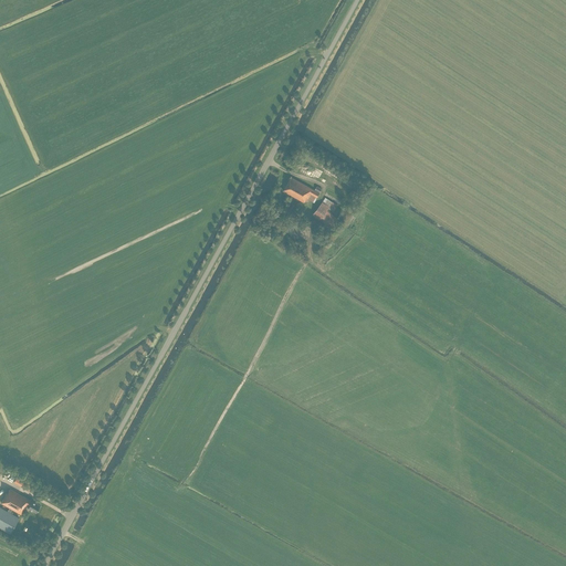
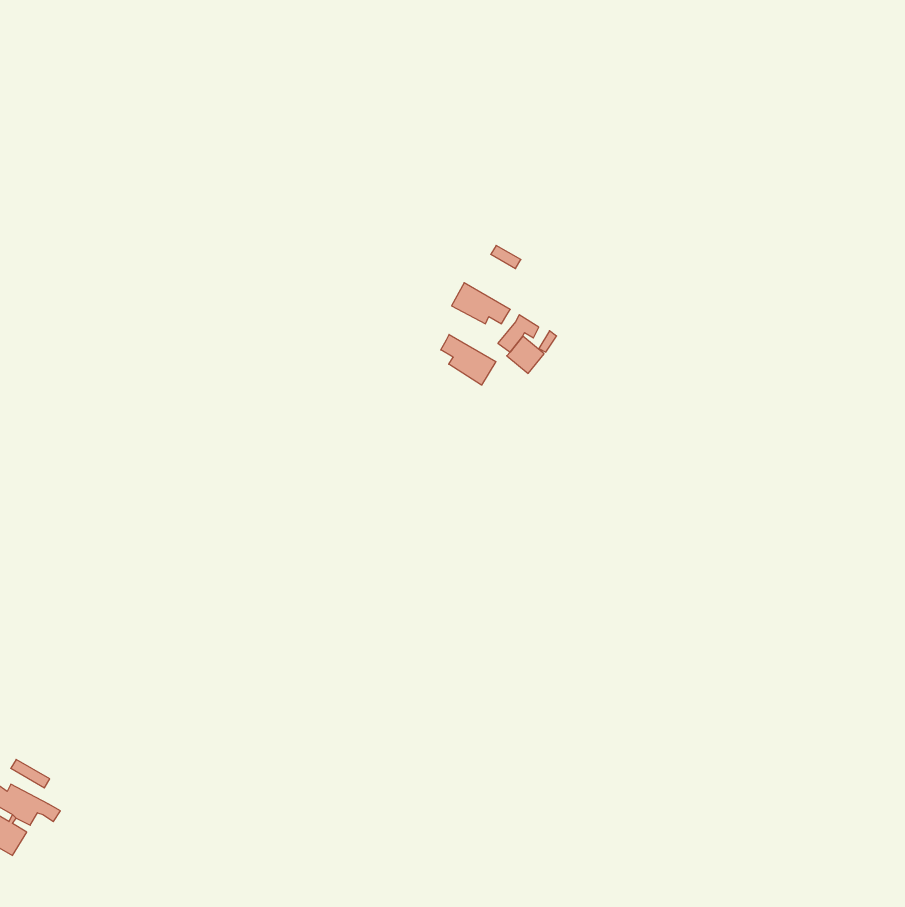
building: none -> [441,334,496,385]

